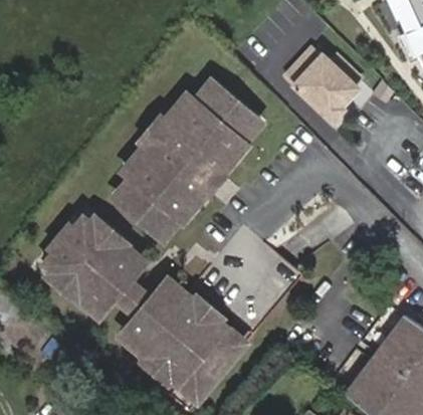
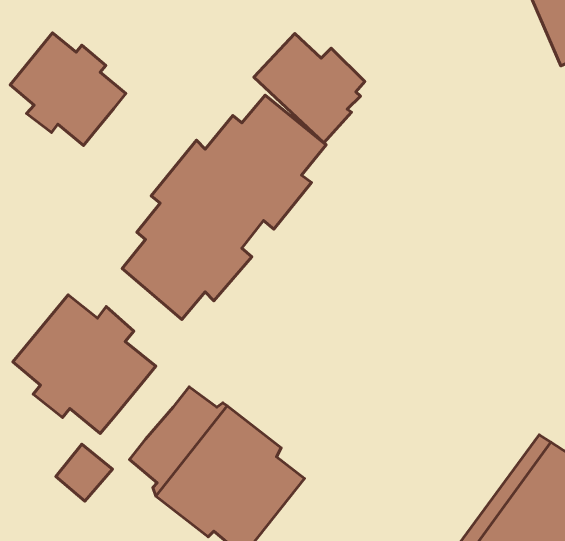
building: none -> [10,33,126,145]
building: [286,46,363,122] -> [254,33,365,143]
building: [112,278,151,318] -> [56,444,113,501]

